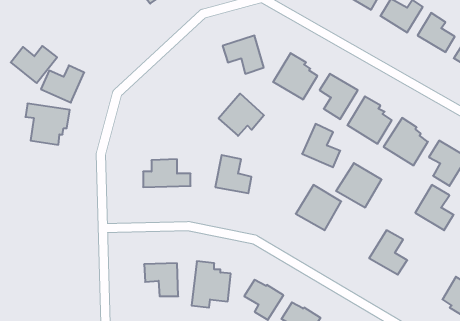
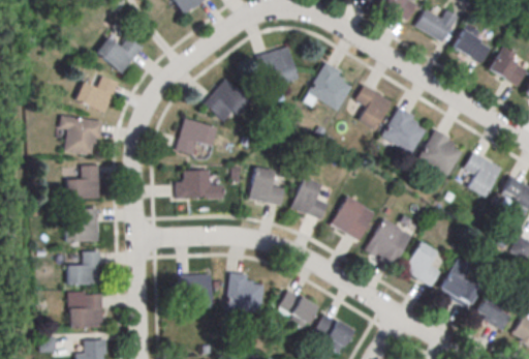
building: [11,46,57,83] -> [96,35,143,72]
building: [219,94,264,136] -> [205,79,250,121]
building: none -> [177,118,217,154]
building: [302,124,340,167] -> [290,176,329,219]
building: none -> [66,164,100,199]
building: [336,163,382,207] -> [366,219,411,264]
building: [415,185,454,230] -> [440,259,478,304]
building: none -> [65,207,99,241]
building: none -> [68,250,101,285]
building: none -> [70,293,103,327]

